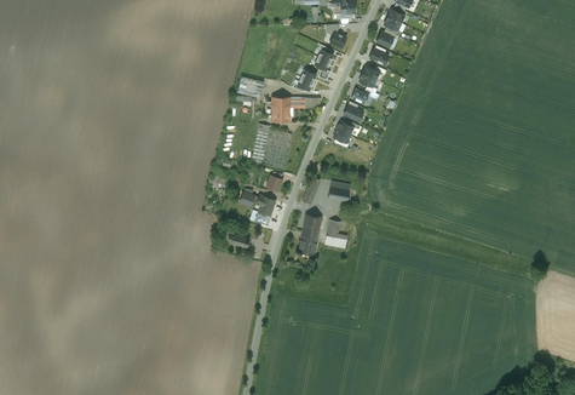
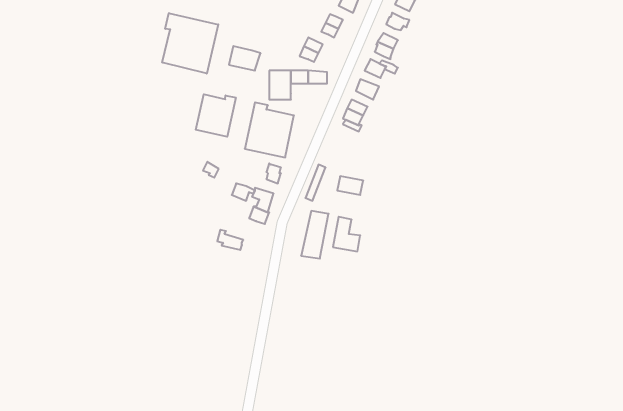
building: none -> [162,13,218,74]
building: none -> [196,94,236,137]

